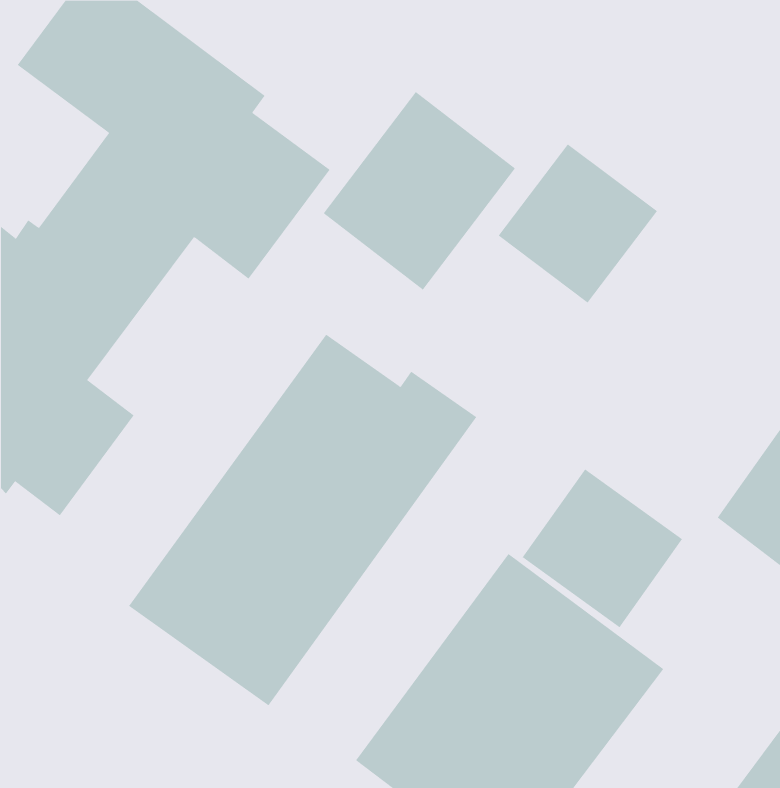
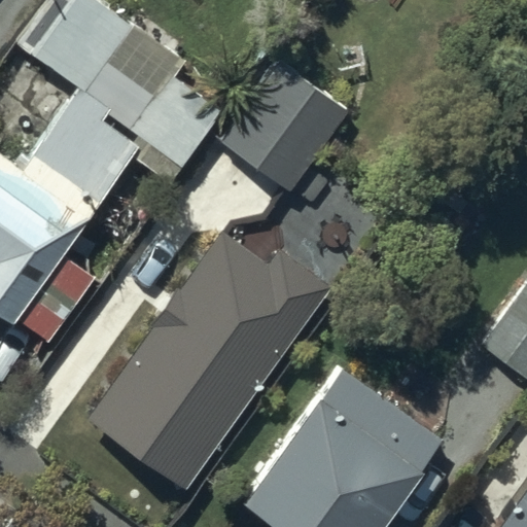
building: [498,143,658,303] -> none
building: [522,468,683,628] -> none

